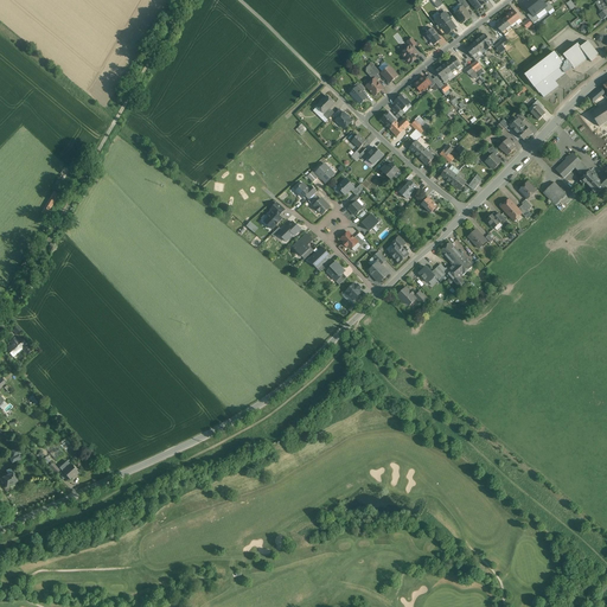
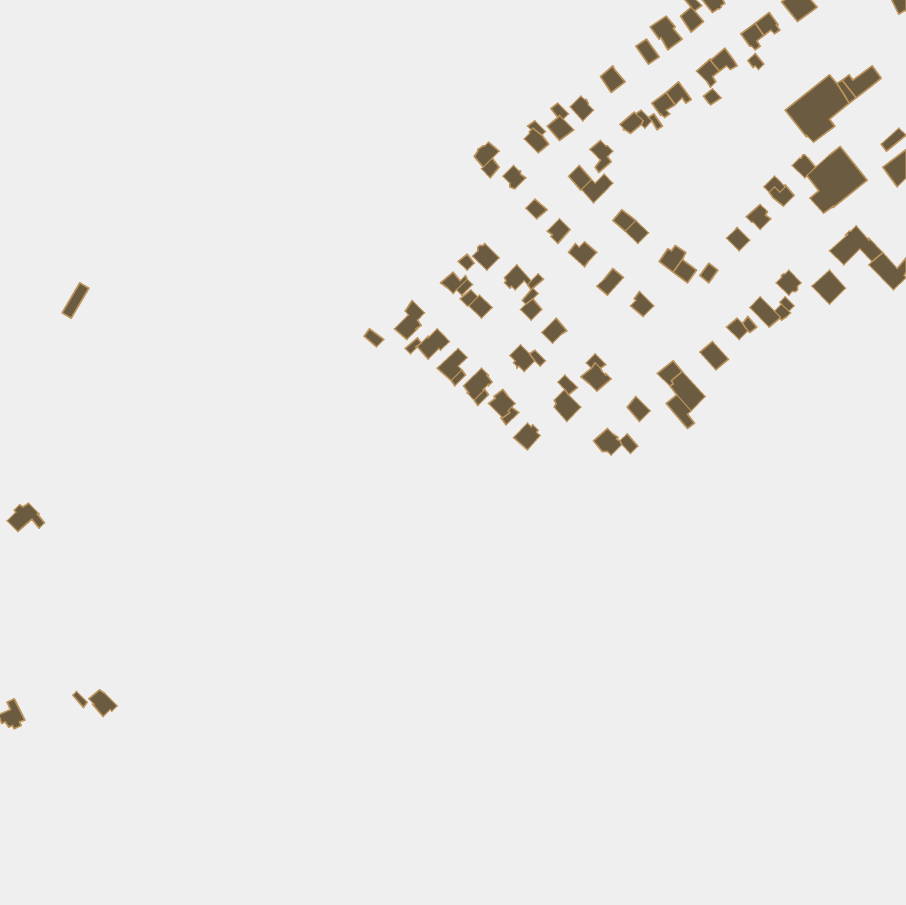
building: none -> [807,146,867,213]

